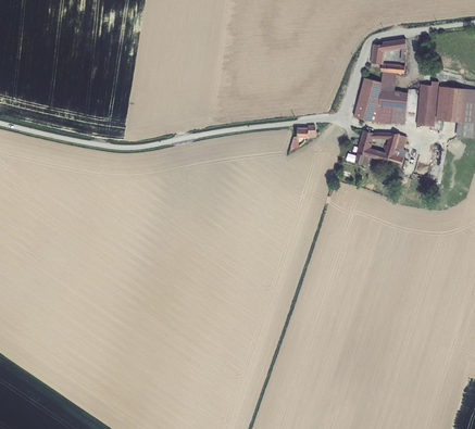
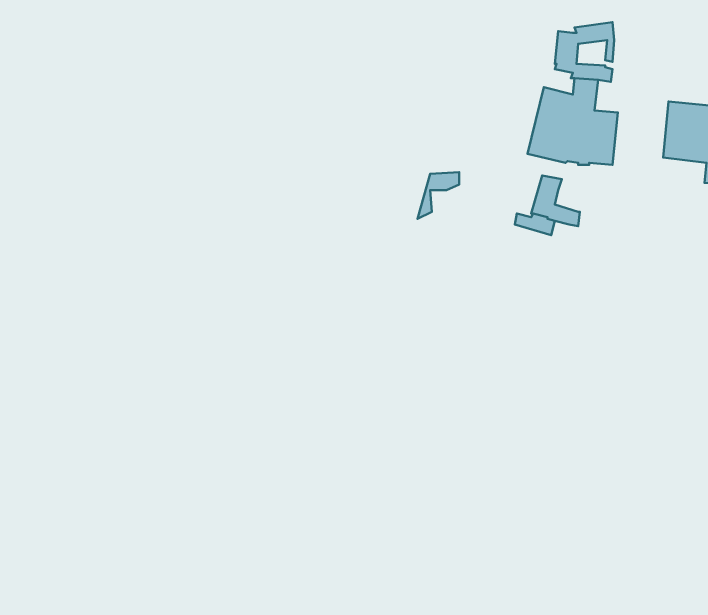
building: [416,81,439,129] -> none
building: [373,133,408,173] -> none

